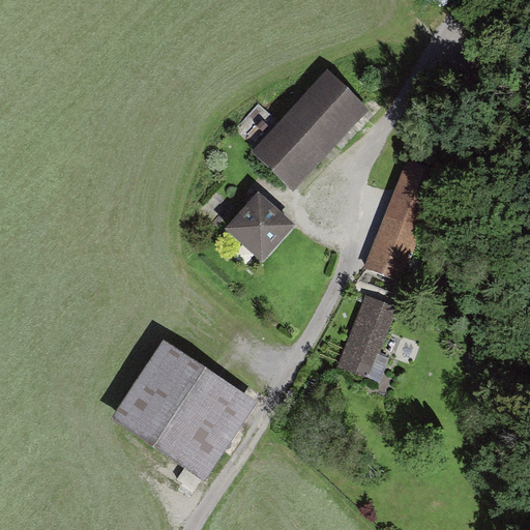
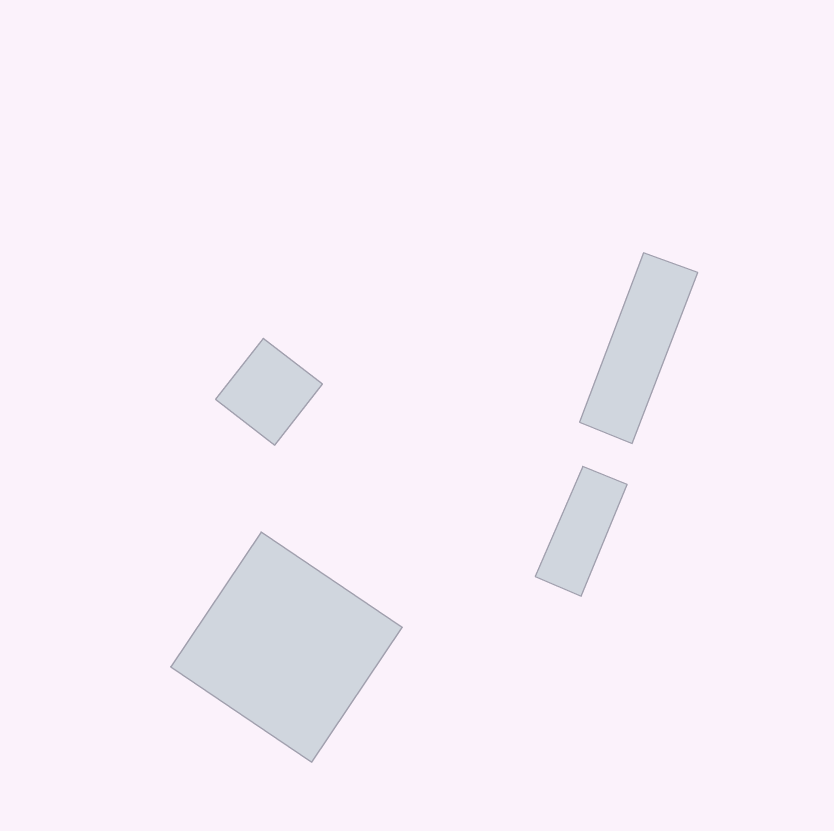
building: [255,73,365,185] -> none
building: [228,196,295,263] -> [216,338,322,445]

